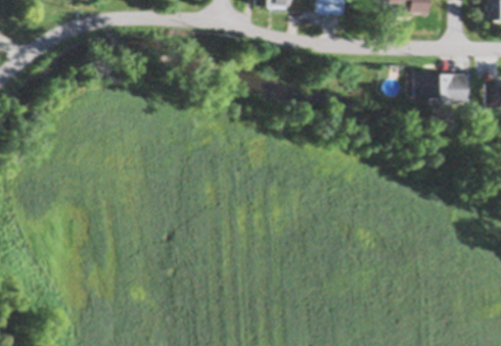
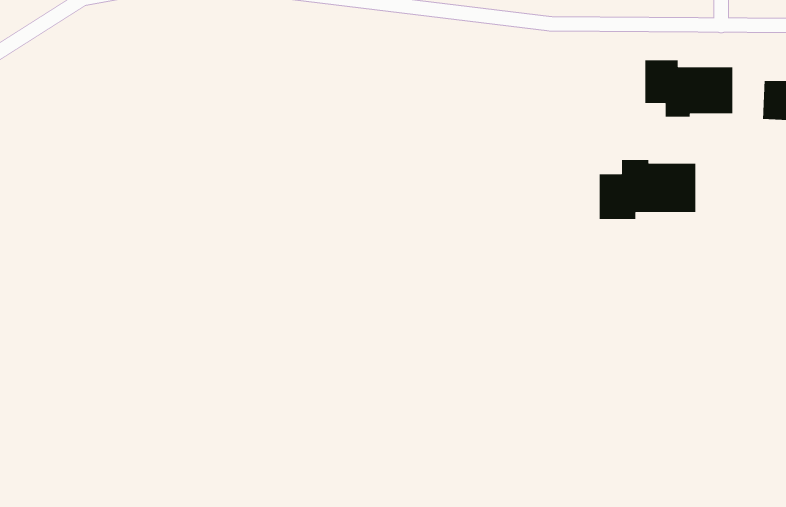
building: none -> [599,159,696,220]

